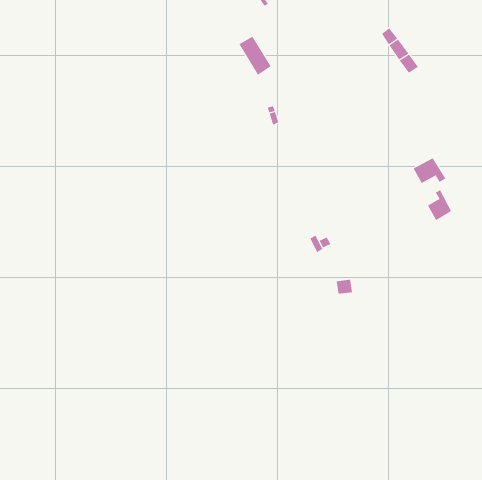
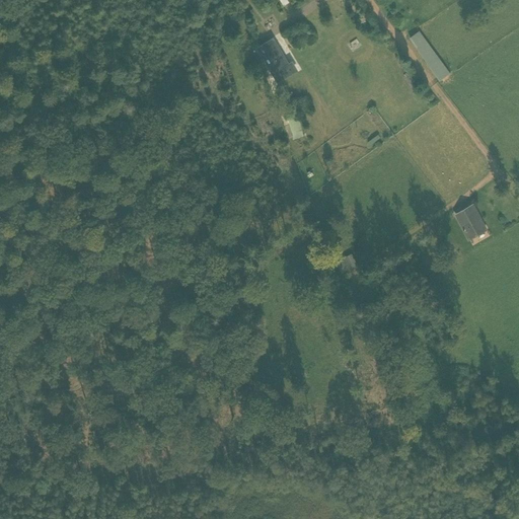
building: [413,157,446,184] -> none

